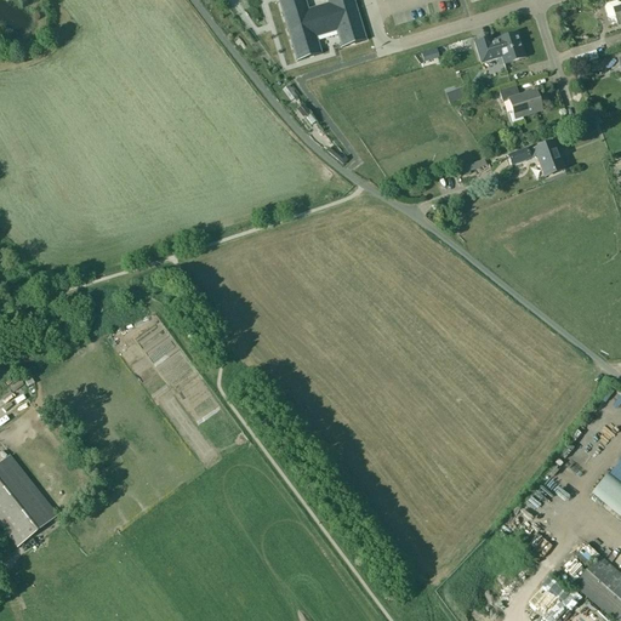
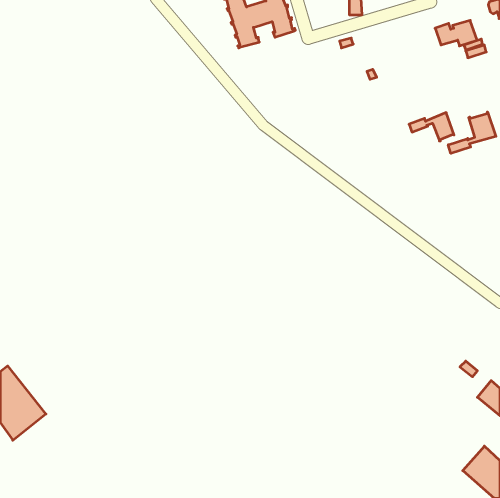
building: [473,32,525,63] -> [435,20,477,46]
building: [498,85,541,121] -> none
building: none -> [448,112,496,153]

